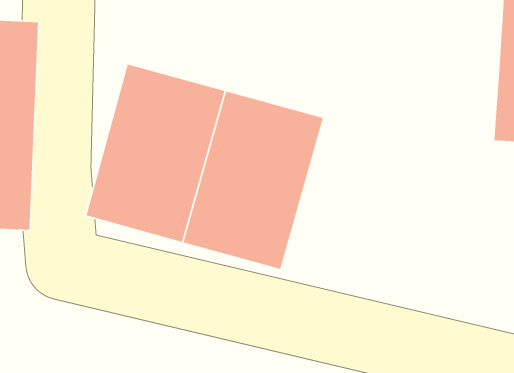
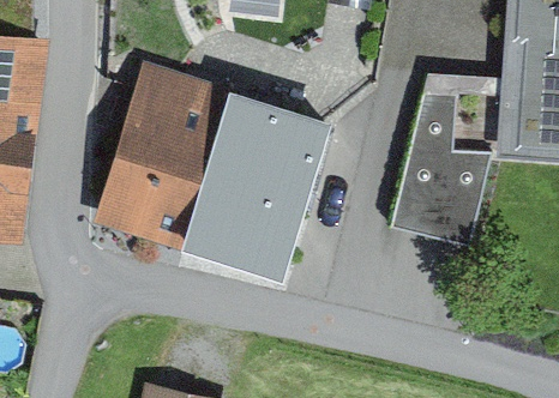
building: none -> [383,80,498,248]

